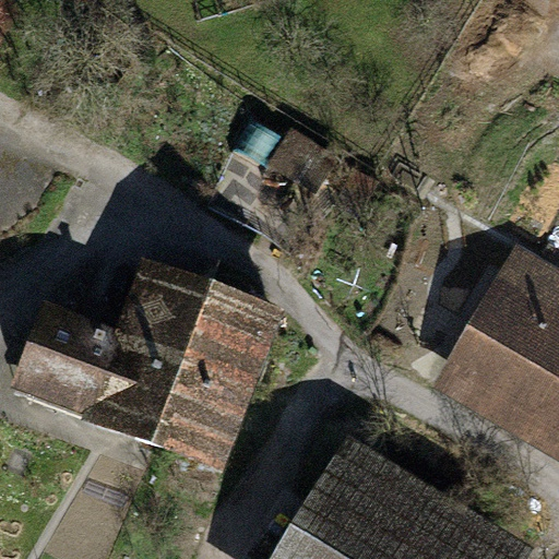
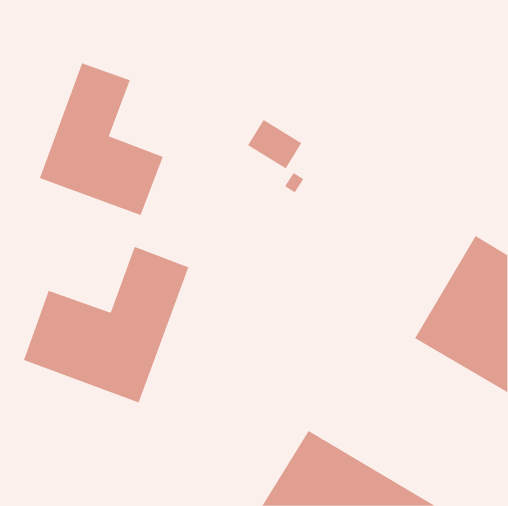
building: none -> [39,63,163,216]
building: [152,292,267,463] -> none

